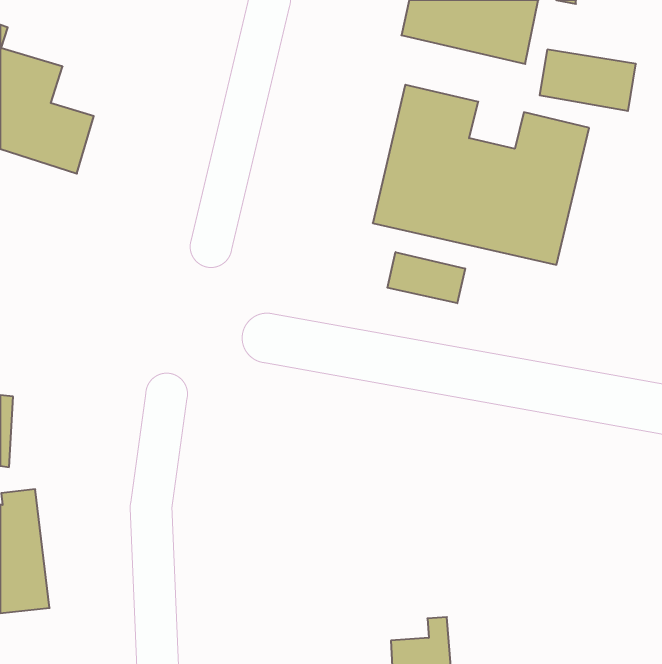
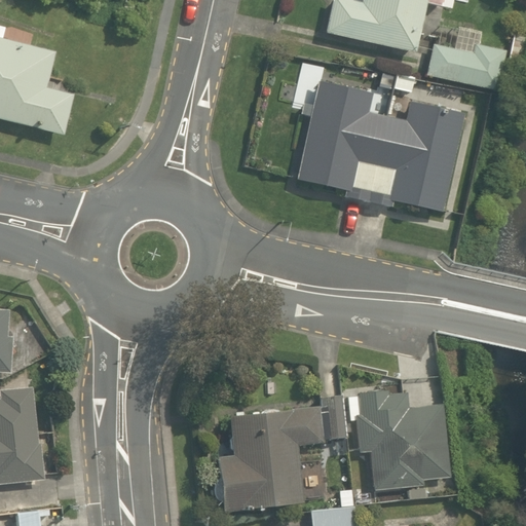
building: [387,252,465,303] -> none
building: none -> [350,390,448,490]
building: none -> [216,398,345,513]

